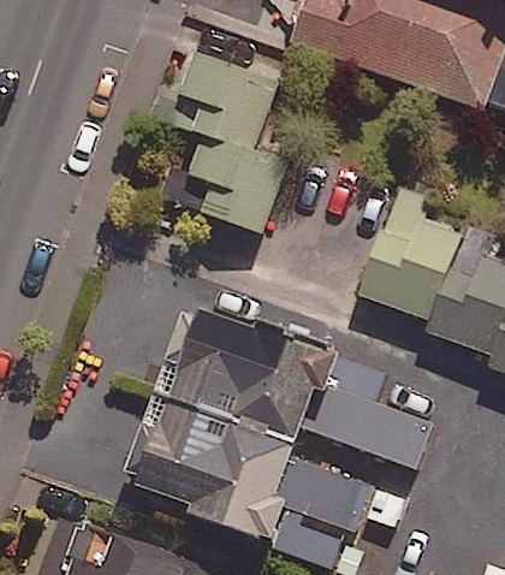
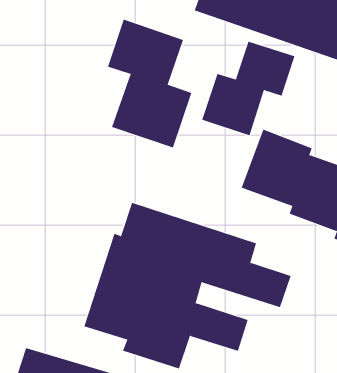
building: none -> [201,41,295,136]

